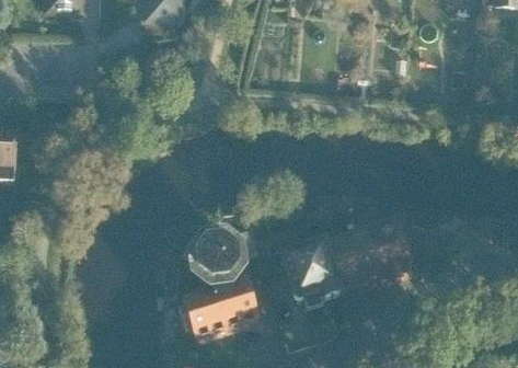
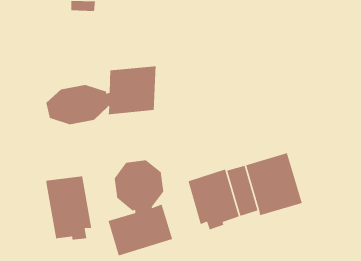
building: none -> [45,65,156,125]
building: none -> [46,176,92,240]

